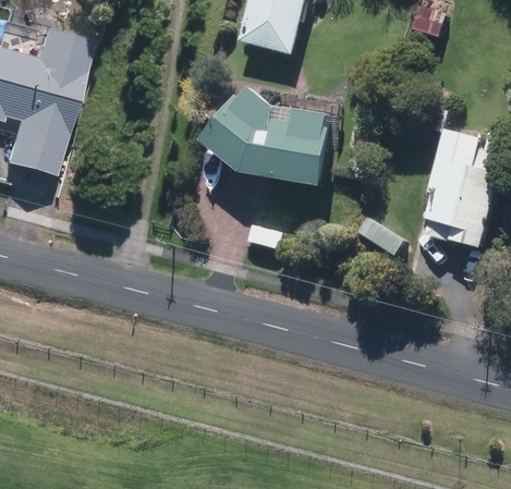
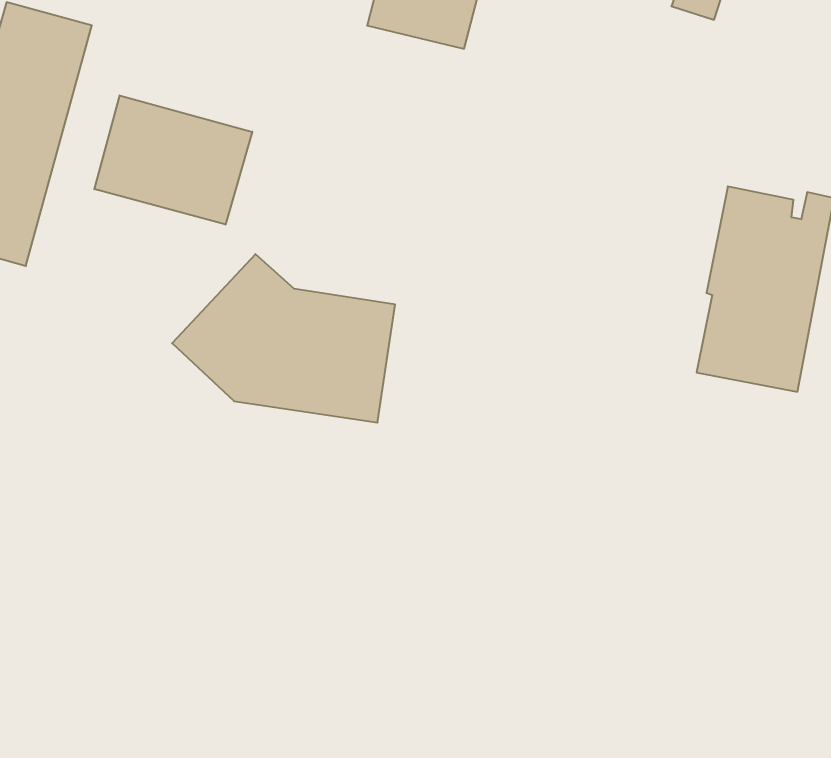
building: none -> [94,95,252,225]
building: [208,89,333,184] -> [172,254,395,423]

